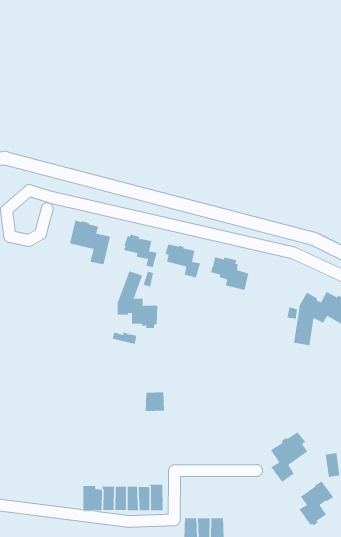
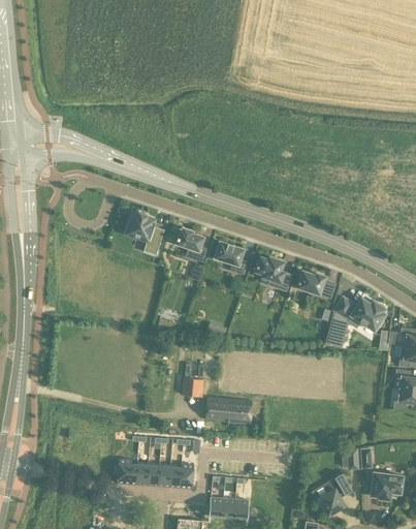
building: none -> [296,271,334,298]
building: [117,270,158,329] -> none
building: none -> [205,397,252,423]
building: [270,431,308,483] -> none

